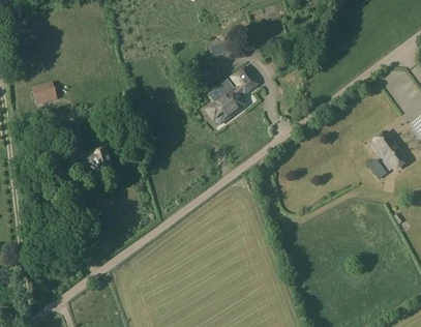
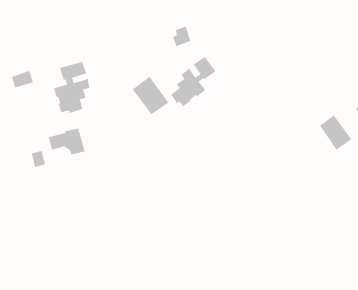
building: none -> [53,61,90,114]
building: none -> [132,76,169,115]

